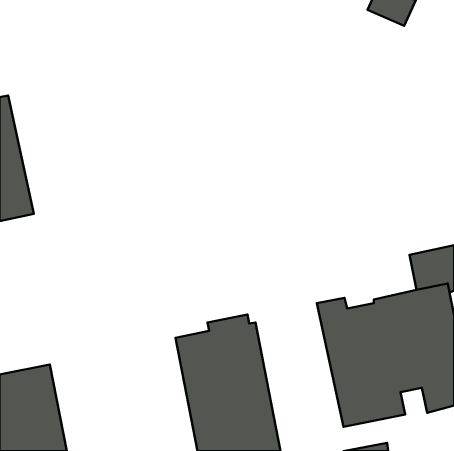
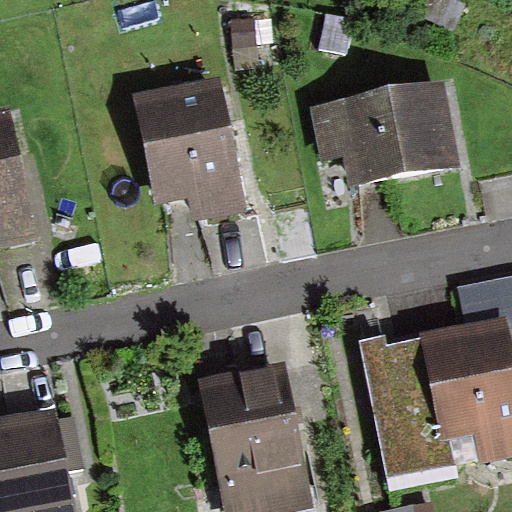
building: none -> [133,79,248,222]
building: none -> [310,80,463,188]

